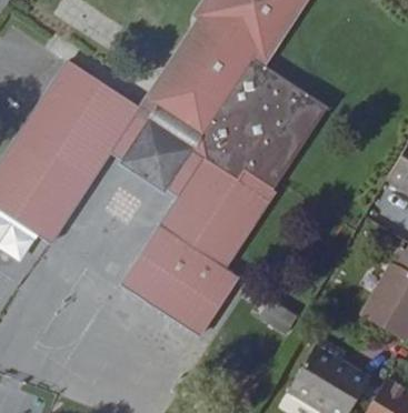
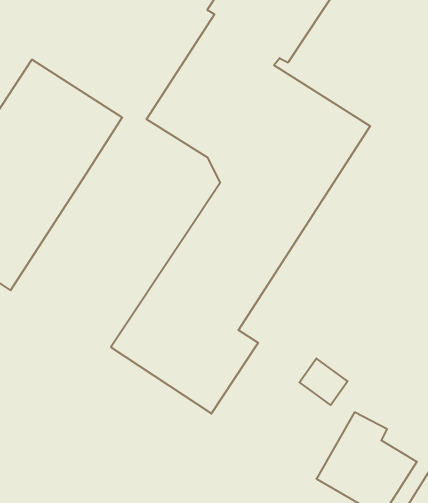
building: [102,99,207,200] -> none

